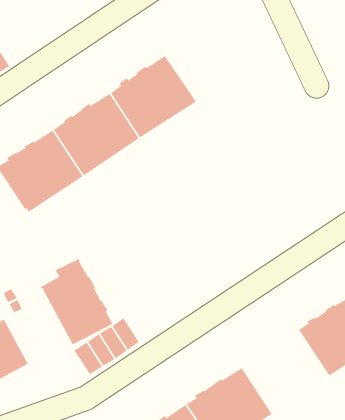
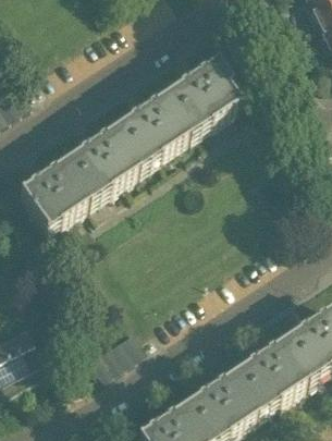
building: none -> [168,62,237,134]
building: [40,258,113,345] -> none
building: none -> [236,338,313,413]

